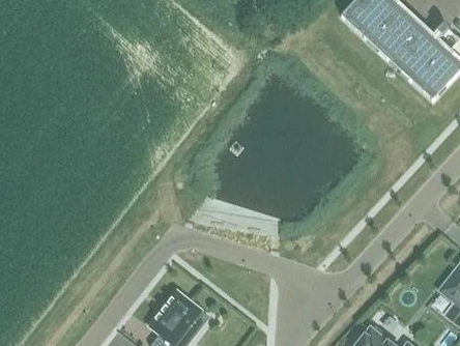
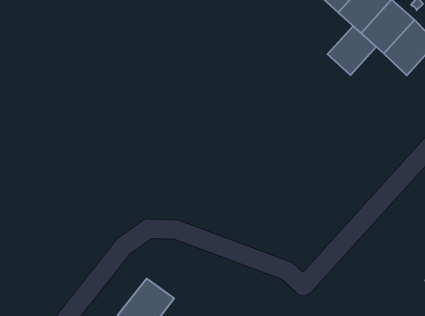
building: none -> [328,26,376,75]

